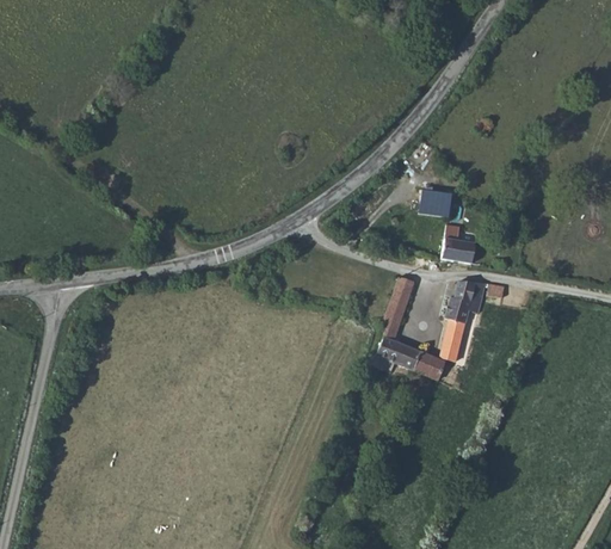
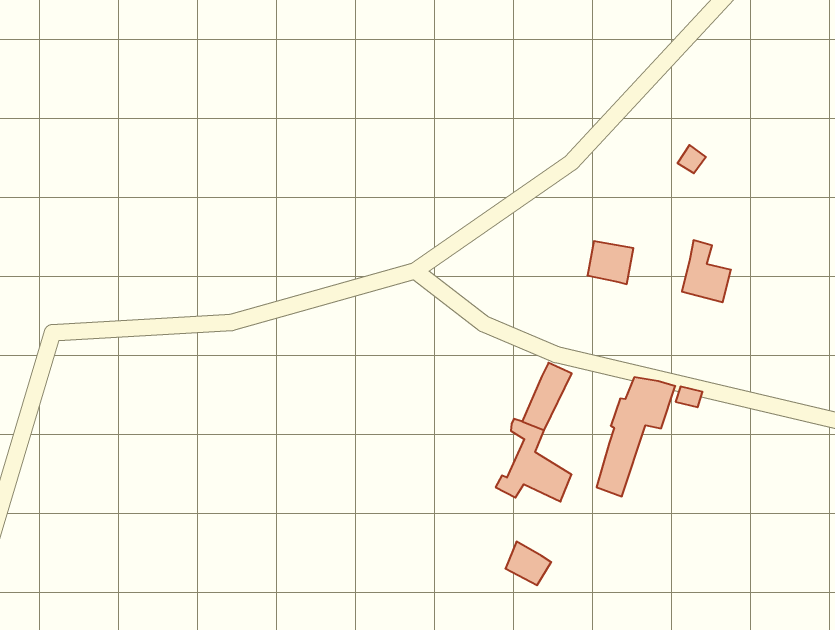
building: [442,224,474,265] -> [682,240,731,302]
building: [414,351,445,380] -> [505,542,551,585]

